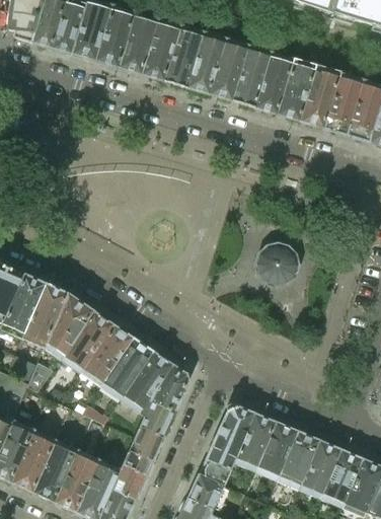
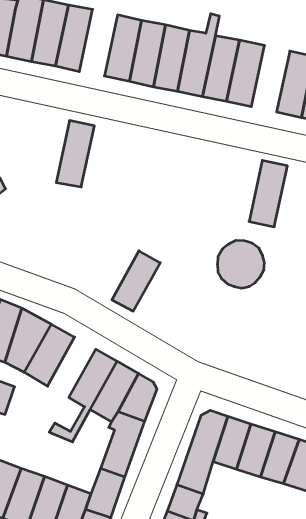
building: [140,16,180,80] -> [56,121,94,187]
building: [300,64,340,128] -> [249,160,287,227]
building: [85,325,134,382] -> [112,251,160,311]

